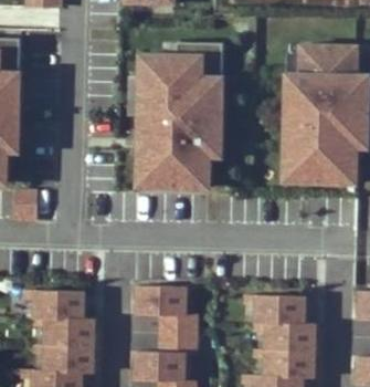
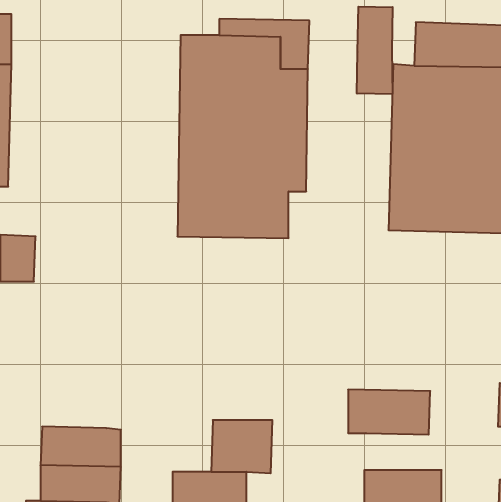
building: none -> [357,7,393,94]
building: [134,287,186,317] -> none
building: [31,291,85,323] -> none
building: [262,326,316,352] -> none

